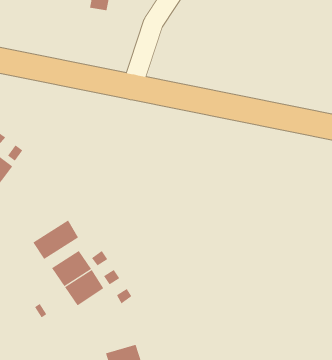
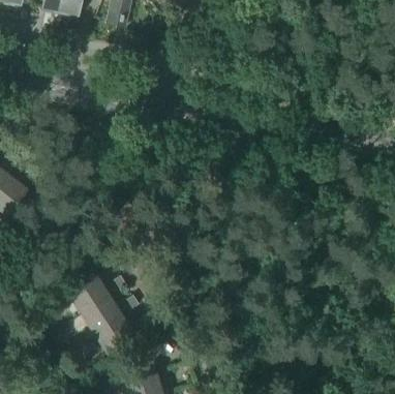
building: [32,219,79,260] -> none
building: none -> [94,313,135,353]

